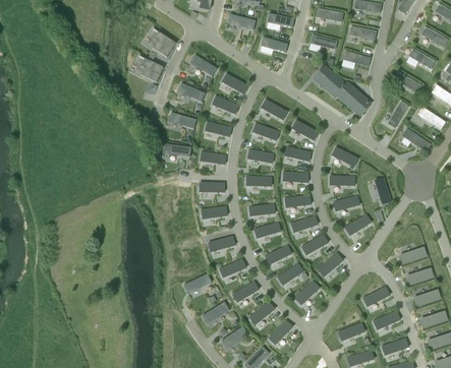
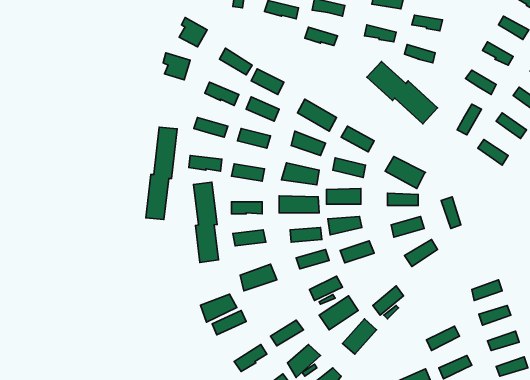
building: none -> [146,127,177,220]
building: none -> [193,182,218,262]
building: [297,231,329,256] -> none
building: [217,257,247,281] -> [200,294,237,322]

